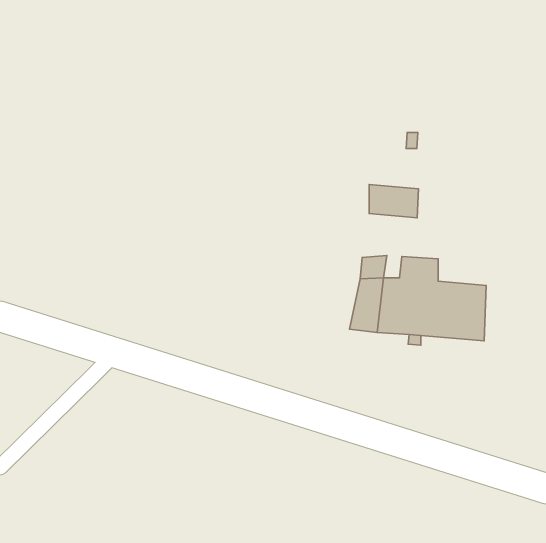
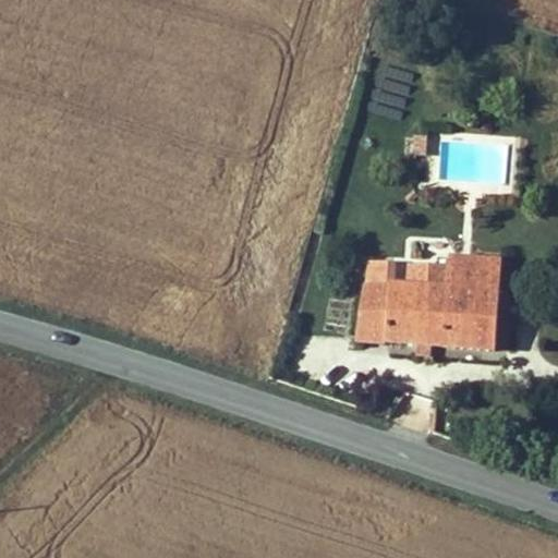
building: [369,185,418,218] -> [447,257,497,291]

